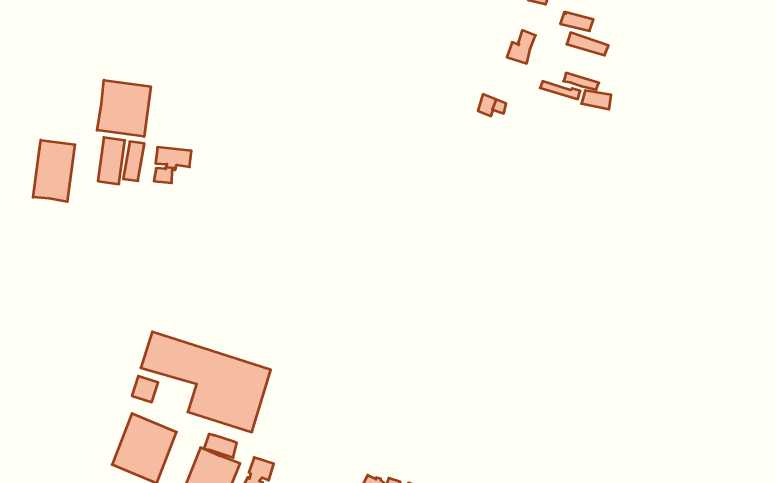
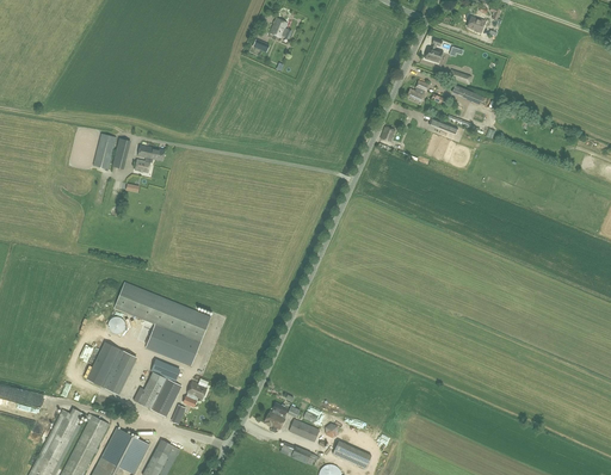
building: [97,80,151,137] -> none
building: [33,140,75,202] -> none

